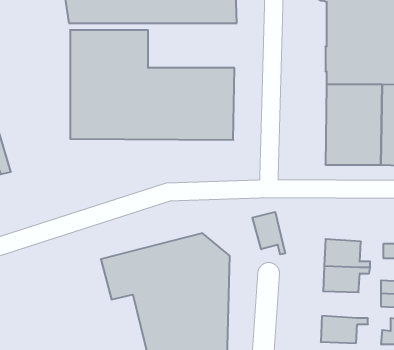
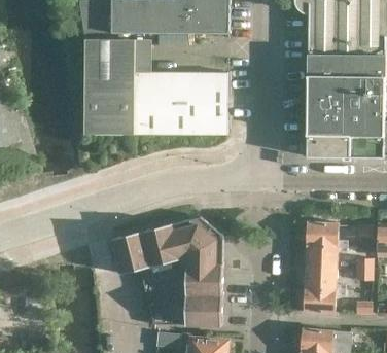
building: [252,212,285,254] -> none
building: none -> [305,267,345,290]

